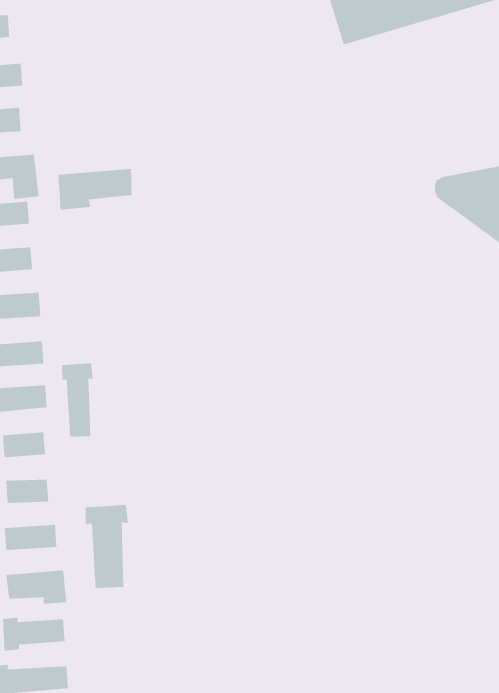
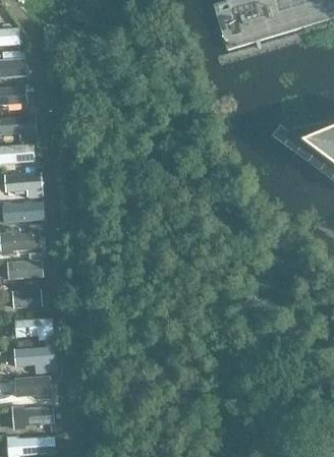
building: [58,168,132,210] -> none
building: [61,363,93,438] -> none
building: [85,504,128,589] -> none

